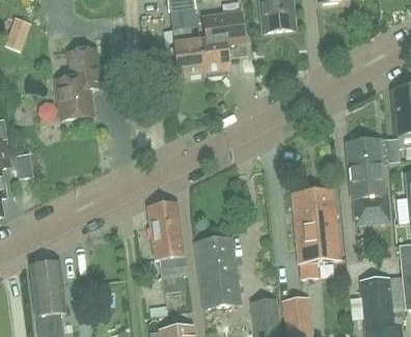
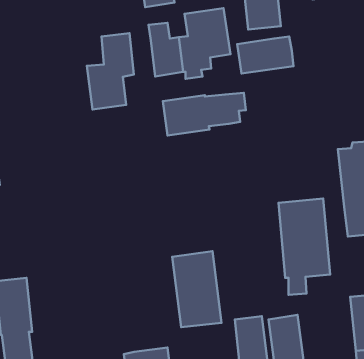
building: none -> [237,37,294,74]
building: [56,47,100,117] -> [87,33,134,109]
building: none -> [163,93,246,136]
building: [146,201,187,291] -> none

